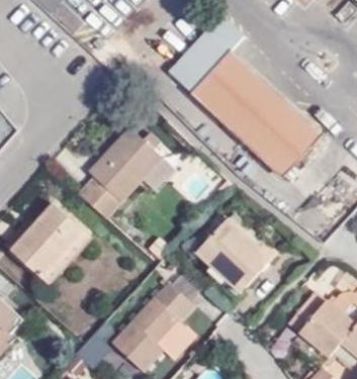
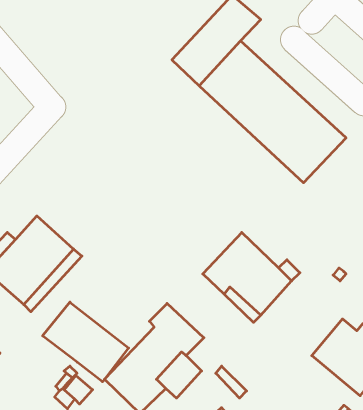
building: [80,127,162,215] -> none
building: none -> [43,302,129,382]

